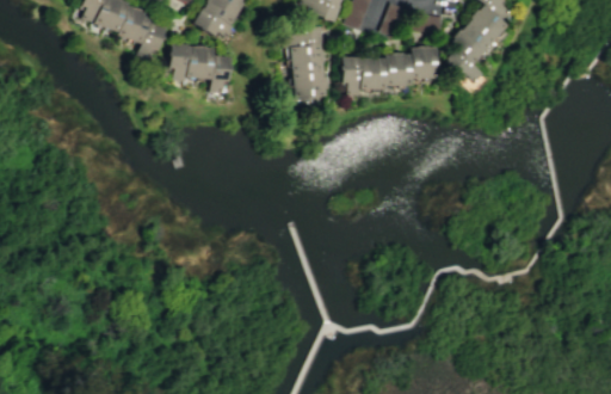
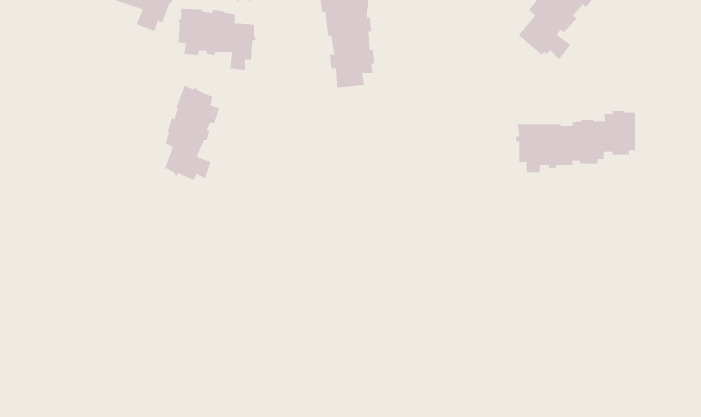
building: [339,45,436,96] -> [515,111,636,173]
building: none -> [165,84,220,181]

